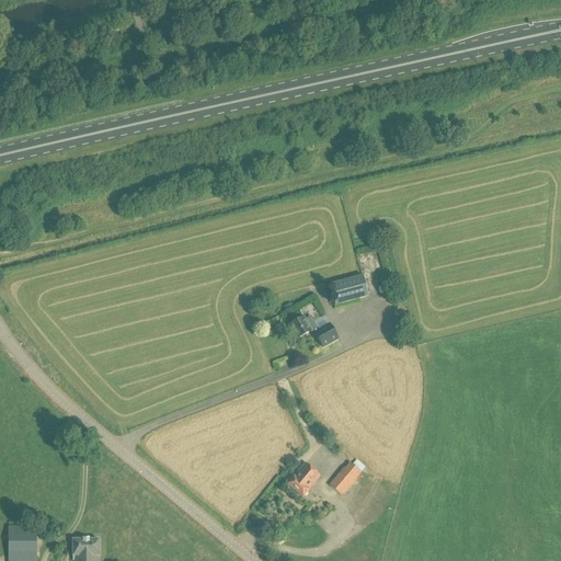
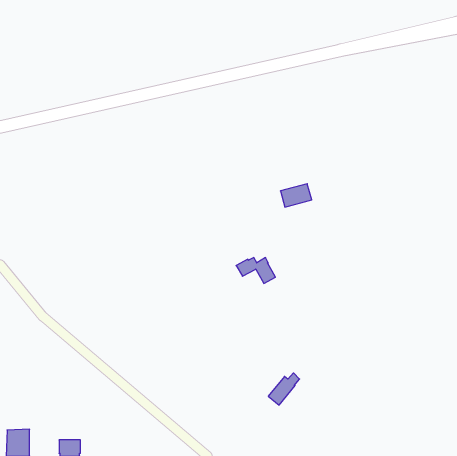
building: [330,276,368,305] -> [280,184,312,207]
building: [287,463,320,497] -> none

